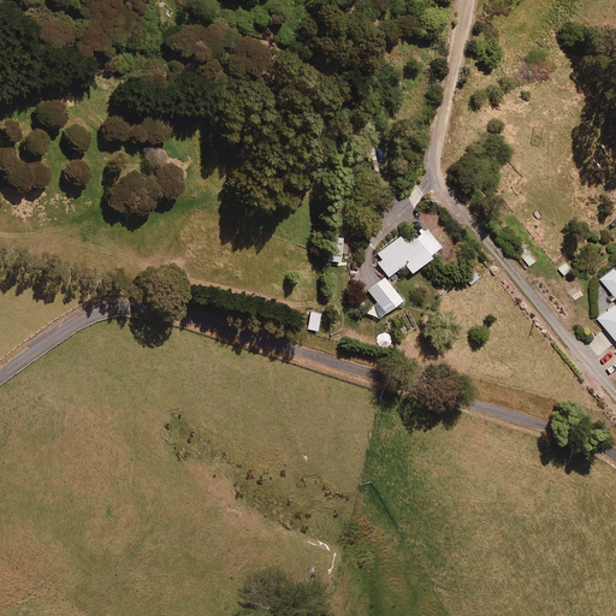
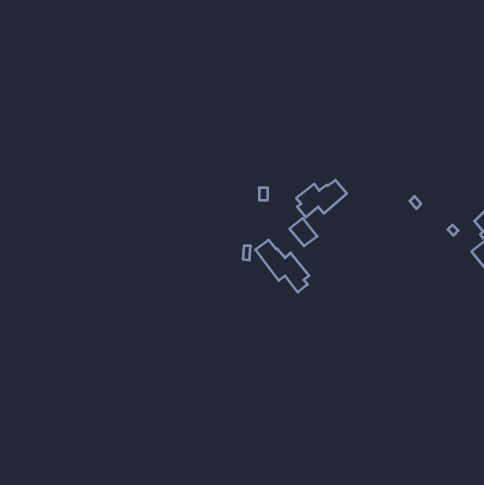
building: none -> [255,240,309,292]

